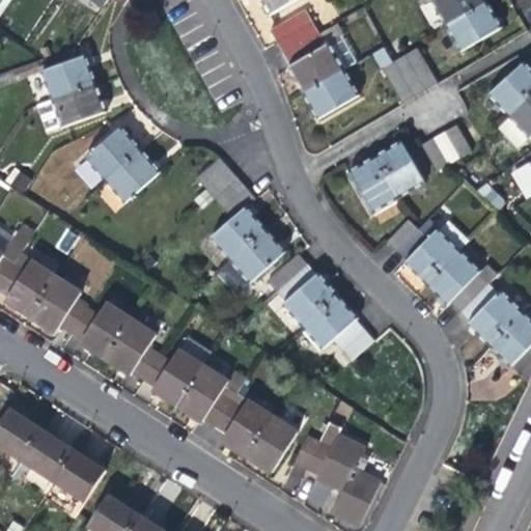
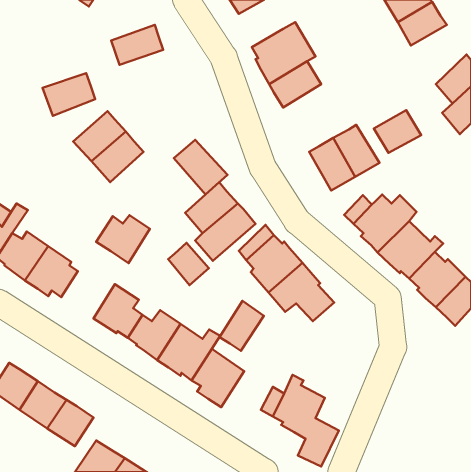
building: [269,9,317,53] -> none
building: [371,48,436,103] -> none
building: [38,54,96,99] -> [111,25,163,65]
building: none -> [168,243,209,285]
building: [68,303,129,357] -> [96,215,150,263]
building: [248,416,298,472] -> [220,301,264,351]

